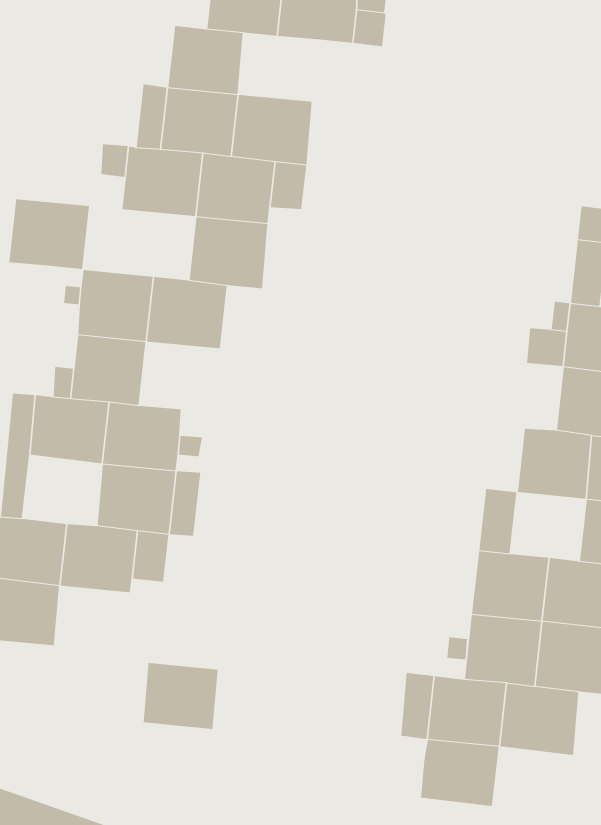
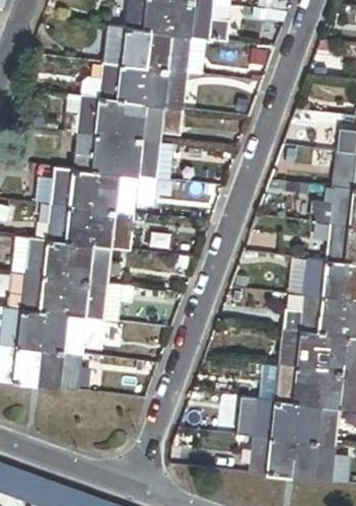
building: none -> [143,31,190,71]
building: [9,199,90,269] -> [72,133,119,173]
building: none -> [86,209,133,249]
building: none -> [19,274,65,314]
building: none -> [299,295,343,335]
building: [143,662,219,729] -> [38,349,81,387]
building: none -> [289,441,336,480]

